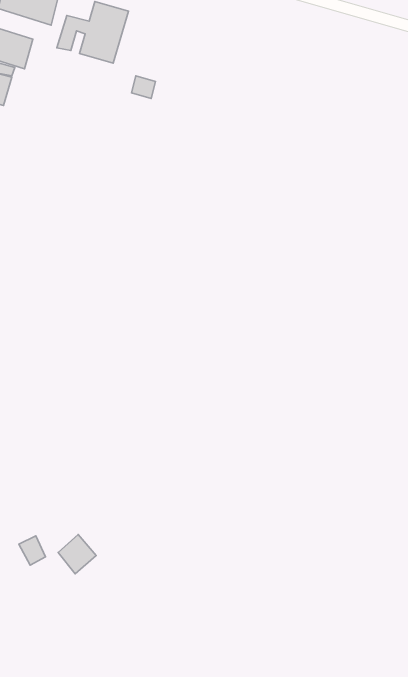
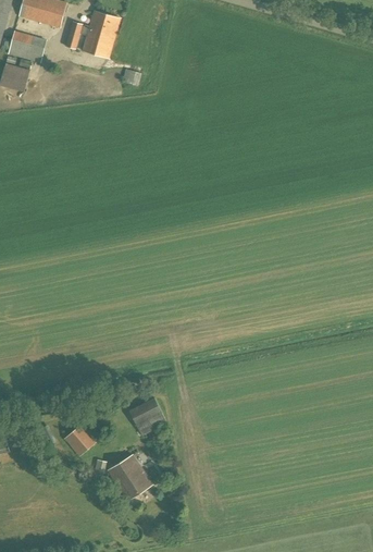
building: none -> [128,397,167,436]
building: none -> [108,454,151,501]

